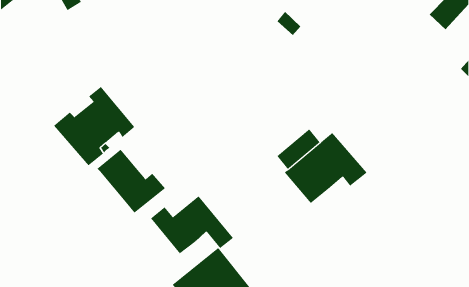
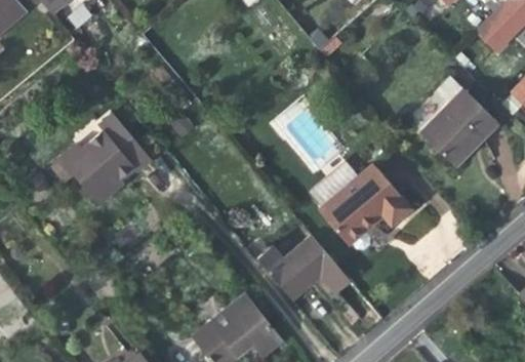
building: none -> [420,76,498,166]
building: [96,149,166,214] -> none
building: [150,195,234,254] -> [257,234,351,299]

